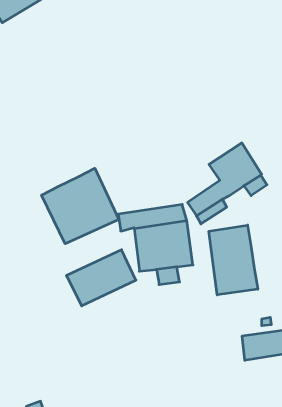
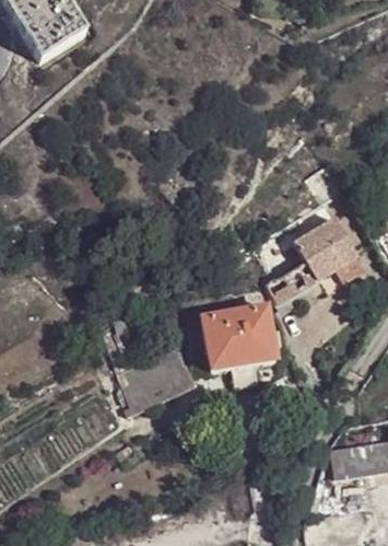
building: [42,168,119,244] -> none
building: [209,225,258,295] -> none

